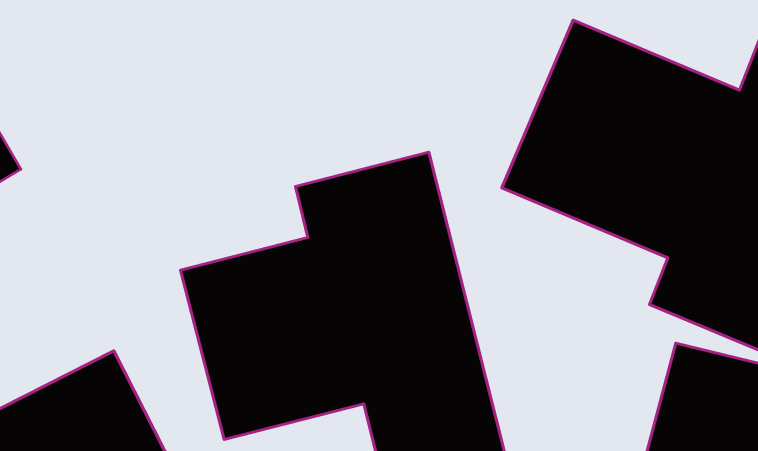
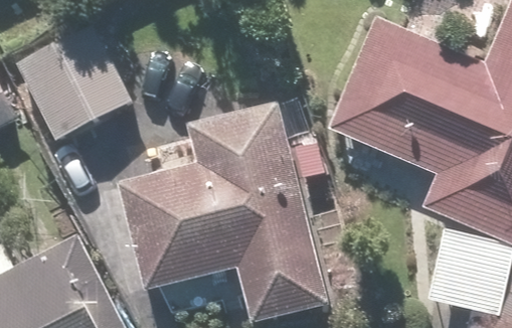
building: none -> [18,22,135,139]

